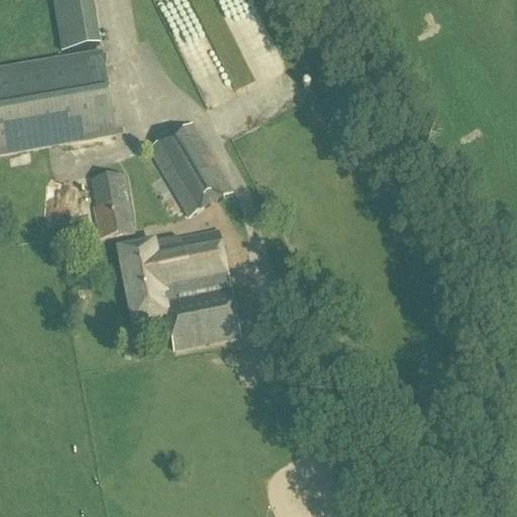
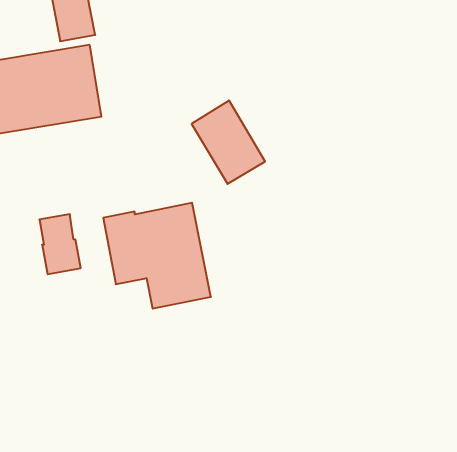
building: [146,120,229,214] -> [192,101,265,184]
building: [87,170,133,237] -> [39,214,81,274]

